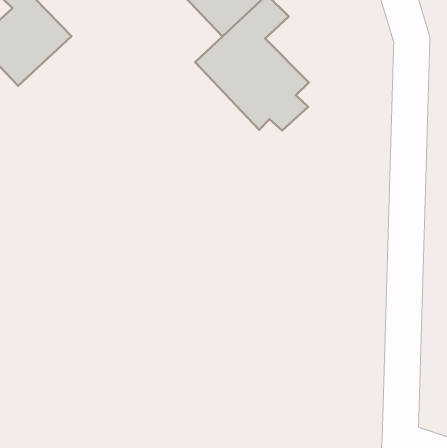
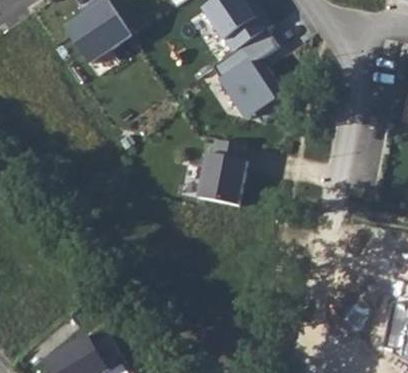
building: none -> [198,140,247,206]

